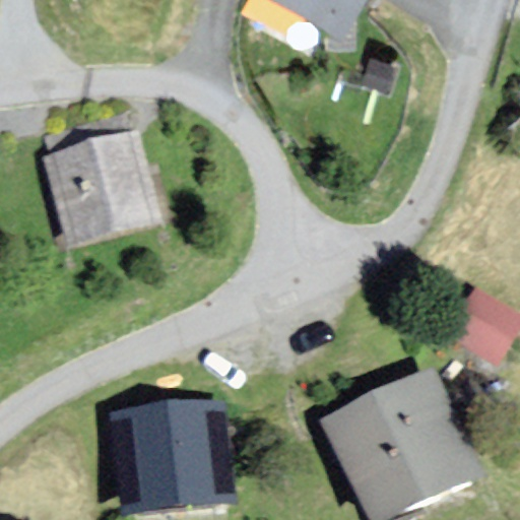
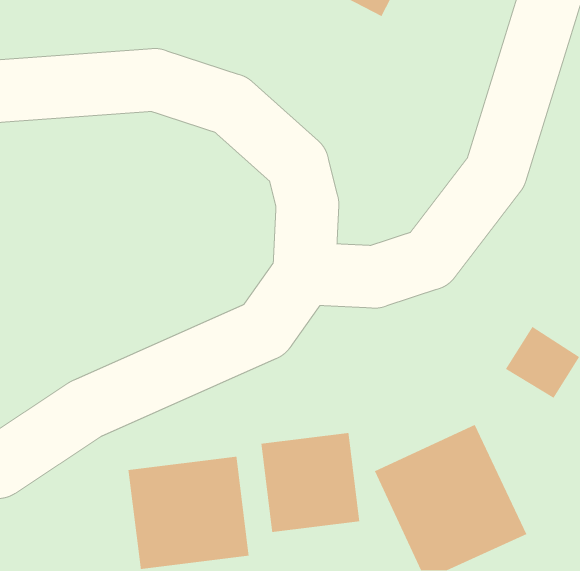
building: [52,134,152,237] -> none
building: none -> [260,432,360,533]

